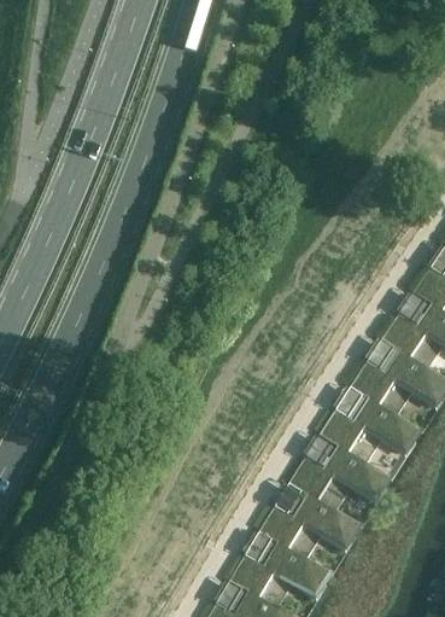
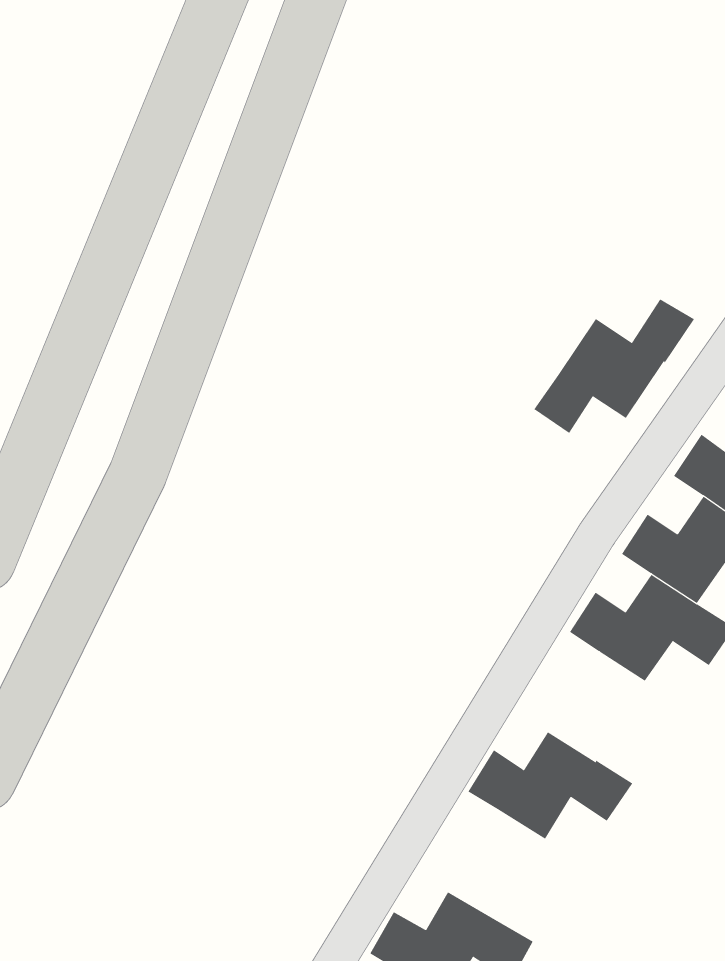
building: none -> [534,298,695,434]
building: [318,398,418,465] -> none
building: [258,494,358,560] -> none

